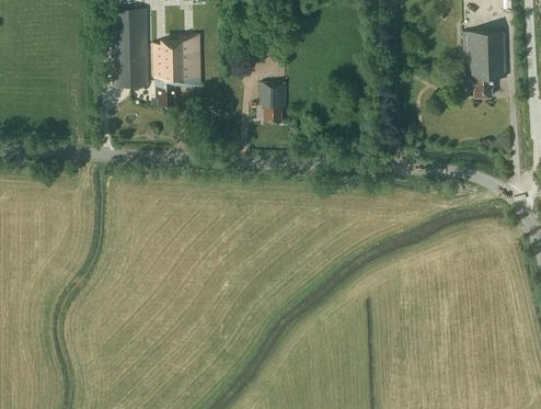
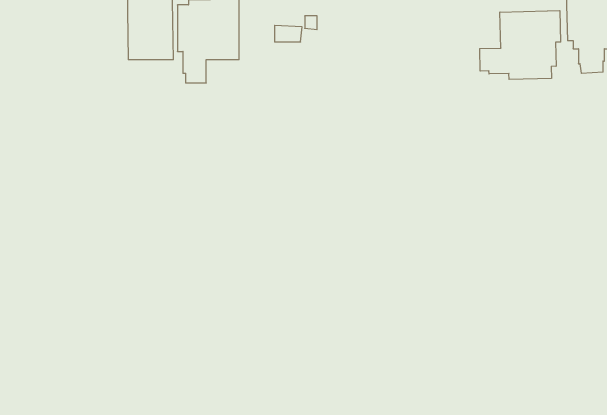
building: none -> [480,11,561,79]
building: [260,83,285,122] -> none

